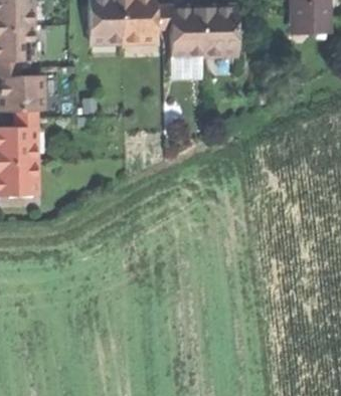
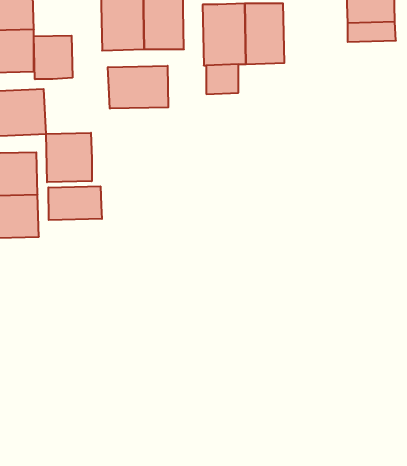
building: none -> [34,36,72,79]
building: none -> [108,66,168,109]
building: none -> [46,133,92,182]
building: none -> [48,186,102,220]

